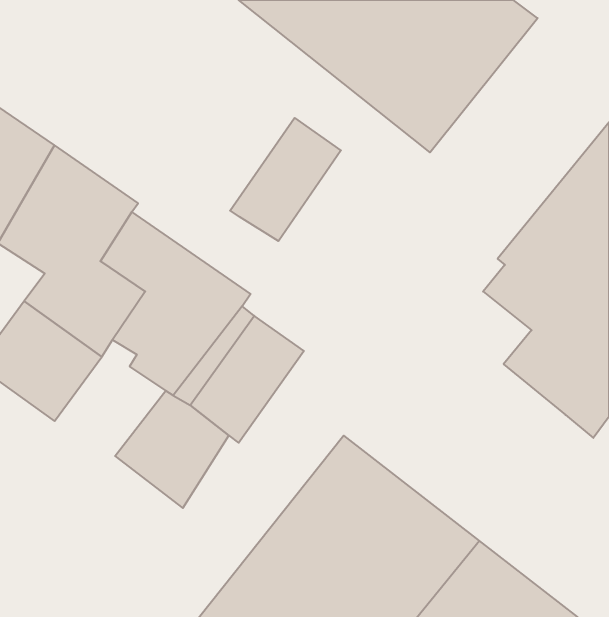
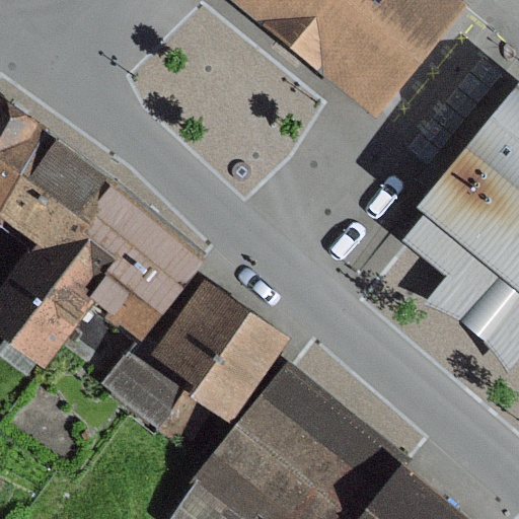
building: [230,118,341,241] -> none
building: none -> [153,295,294,448]

